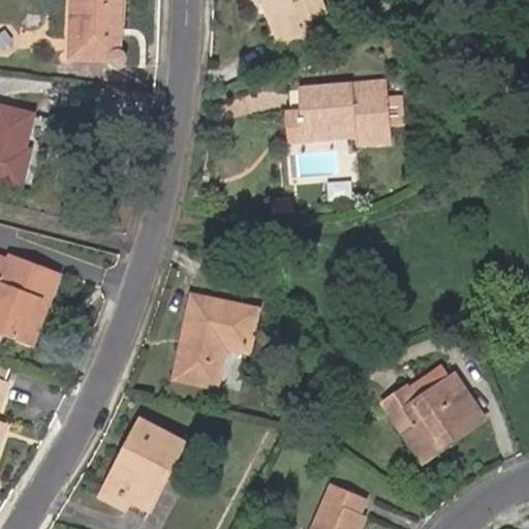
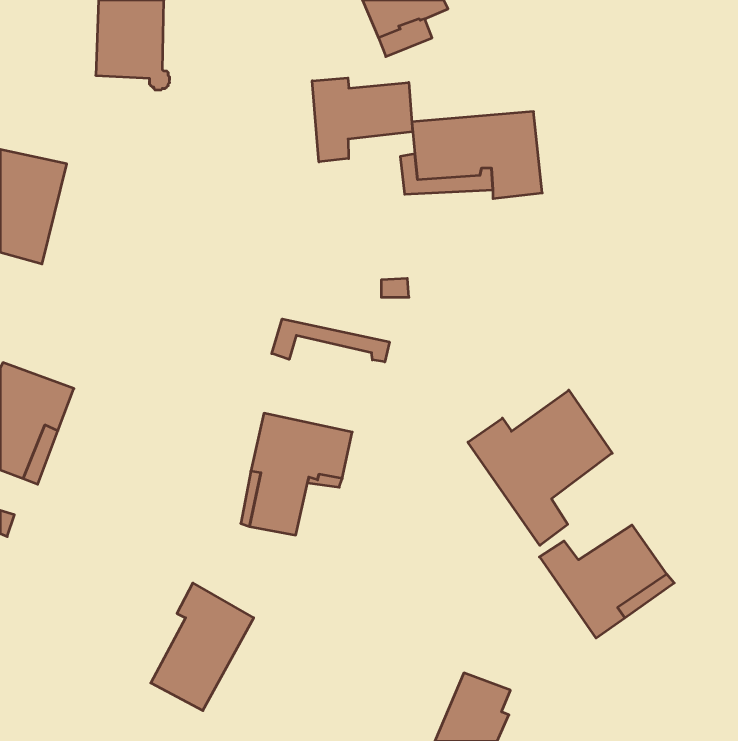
building: none -> [312,78,413,162]
building: none -> [272,319,389,362]
building: none -> [468,390,612,545]
building: [98,437,147,516] -> none

